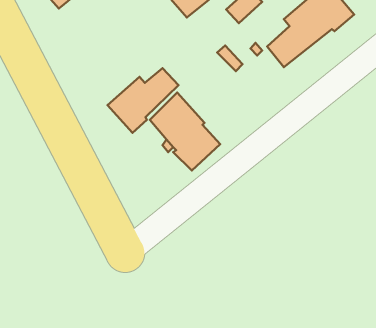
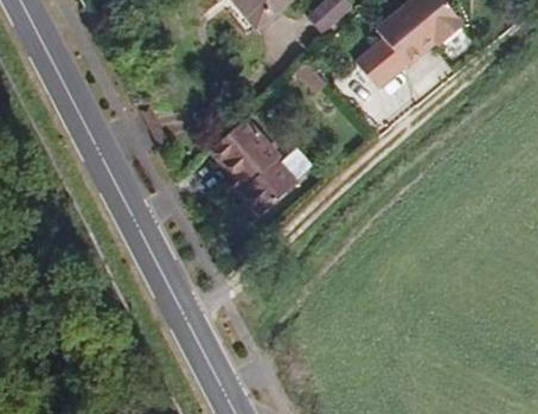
building: [108,68,179,133] -> none

